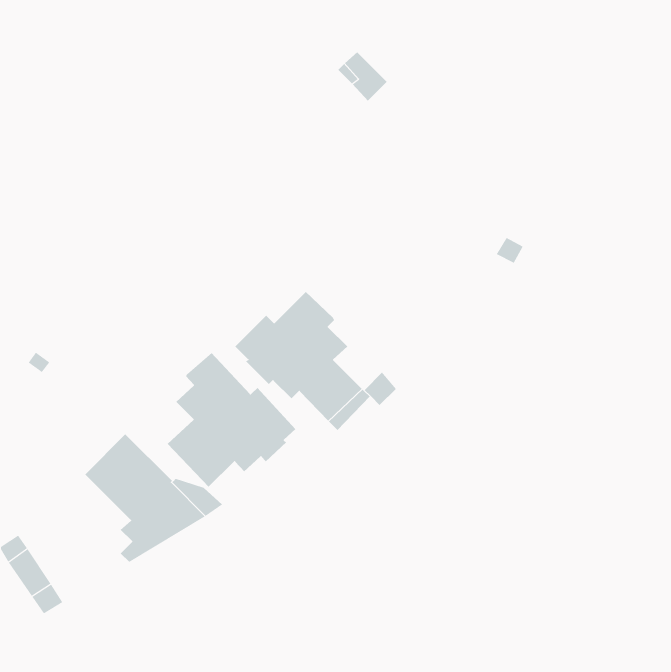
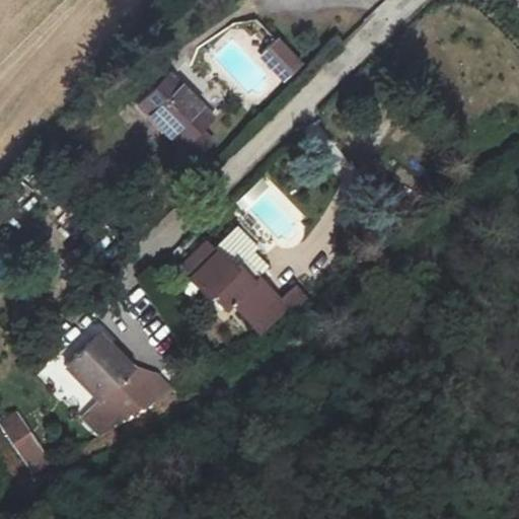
building: none -> [139,72,215,164]
building: [167,352,296,488] -> none

